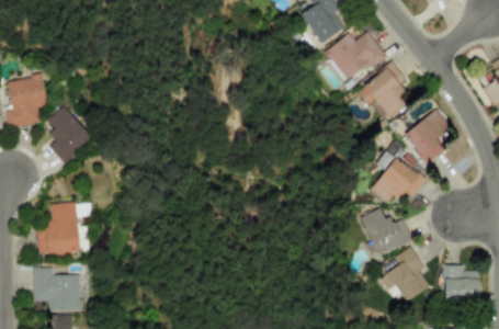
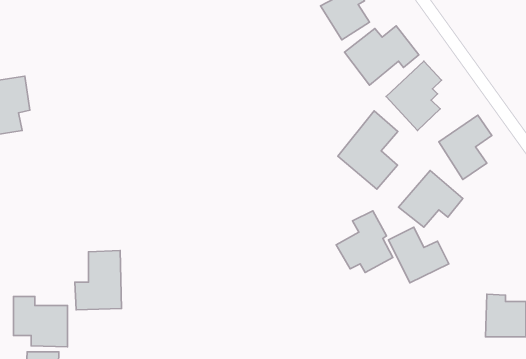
building: none -> [338,111,398,189]
building: [47,105,93,162] -> none
building: [38,202,79,253] -> [75,251,121,310]
building: [381,247,430,300] -> [336,211,393,273]

